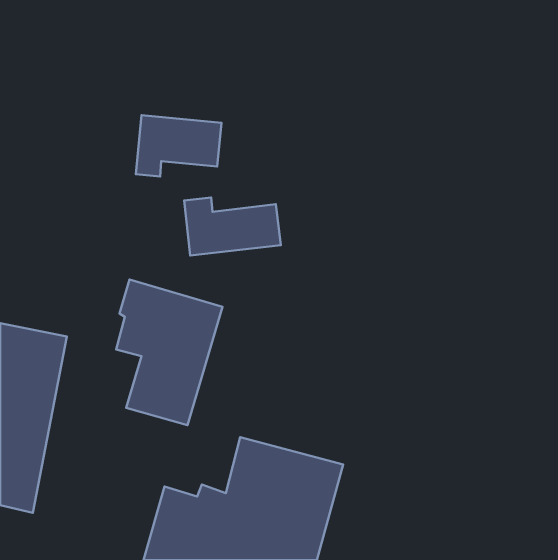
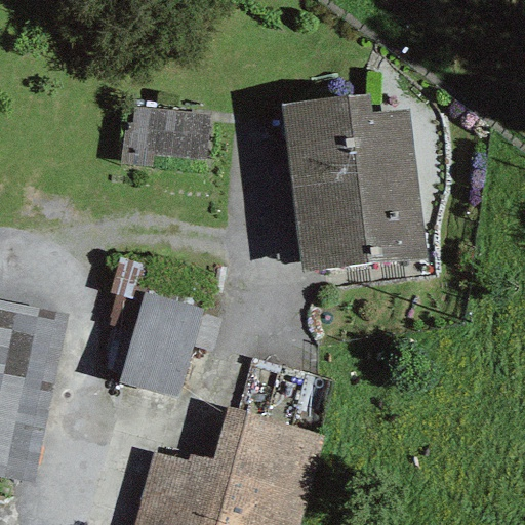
building: none -> [282,93,426,274]
building: [184,198,281,256] -> none

